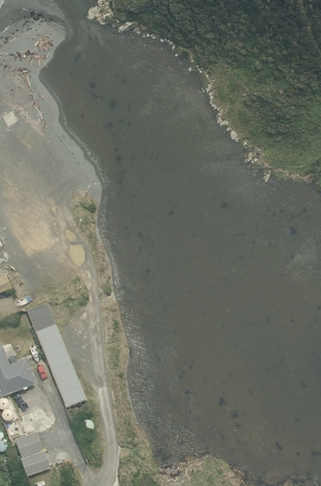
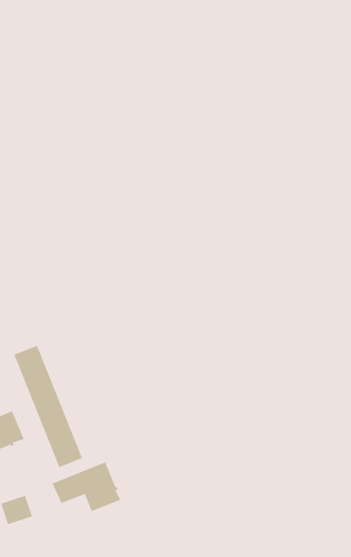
building: none -> [52,462,121,512]
building: [21,450,50,477] -> none

